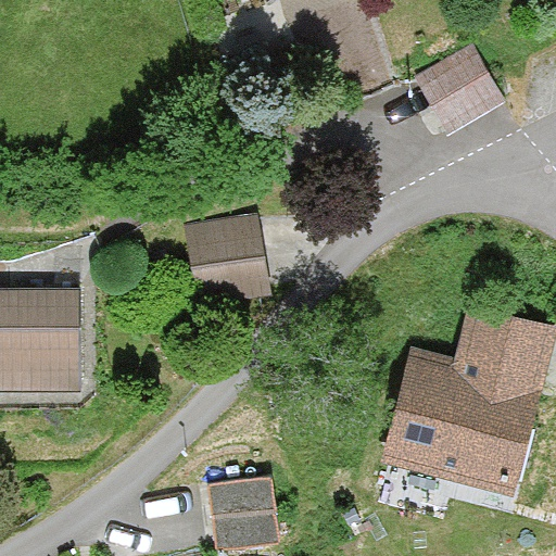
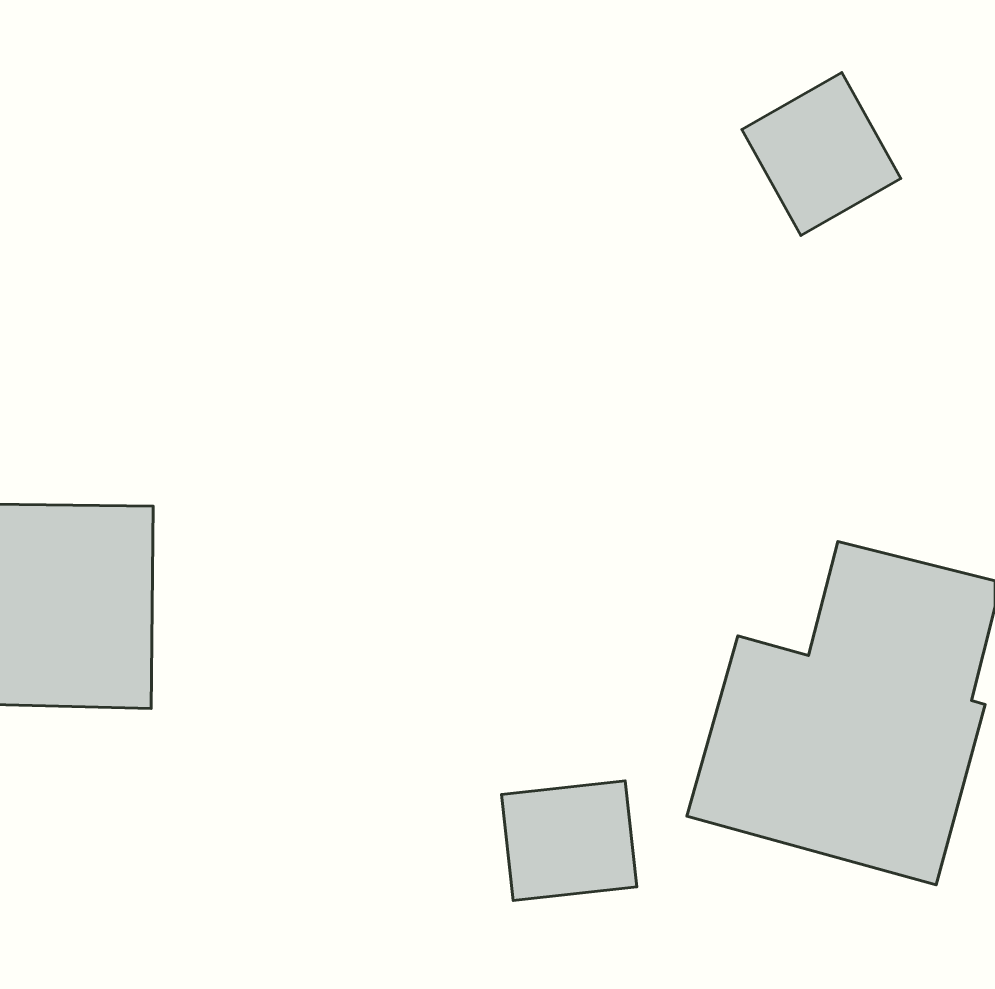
building: [190,215,264,286] -> none
building: [202,478,277,544] -> [501,781,637,901]

